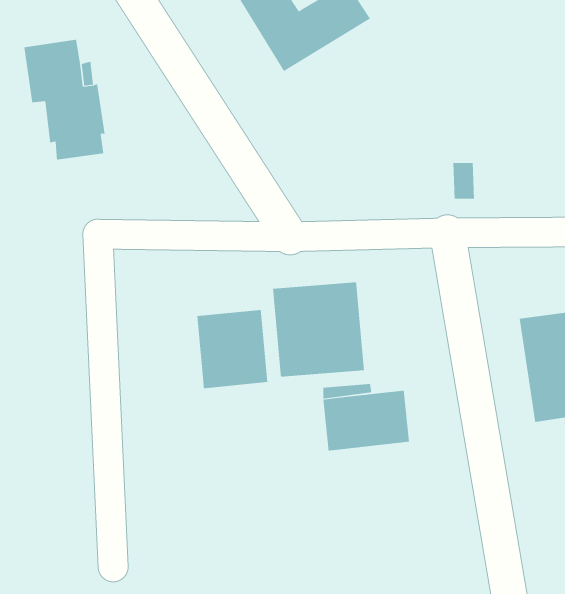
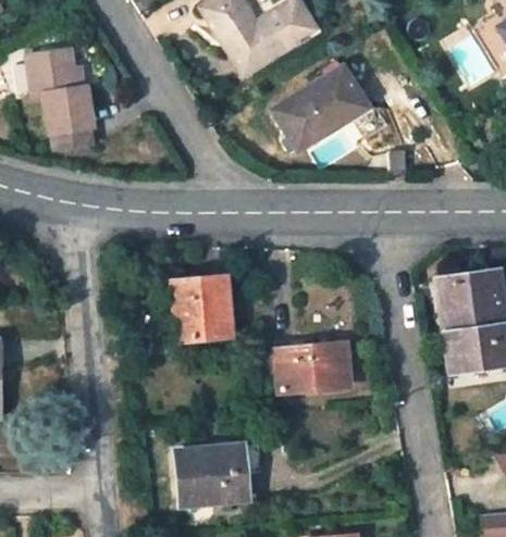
building: none -> [276,68,368,149]
building: [272,282,365,377] -> none
building: none -> [177,442,251,507]

